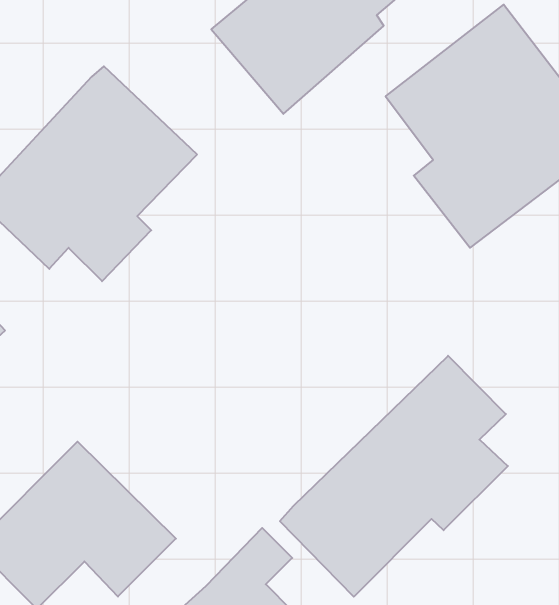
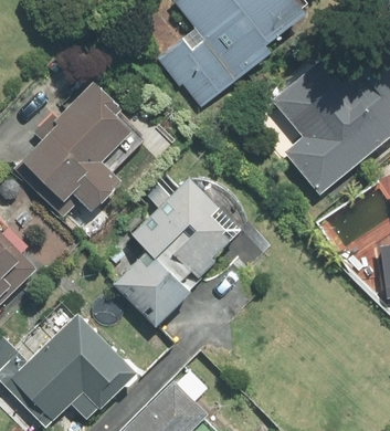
building: none -> [109,178,242,330]
building: [280,356,508,597] -> none

